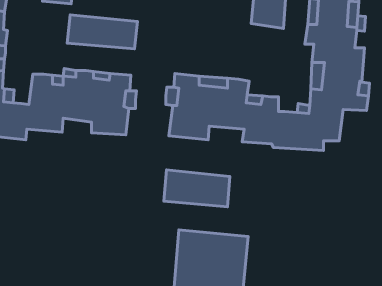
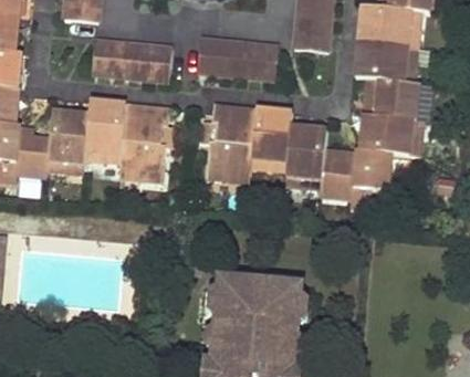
building: none -> [197,39,280,81]
building: [164,170,230,207] -> none

